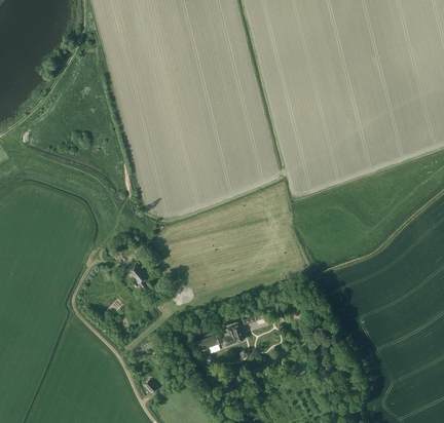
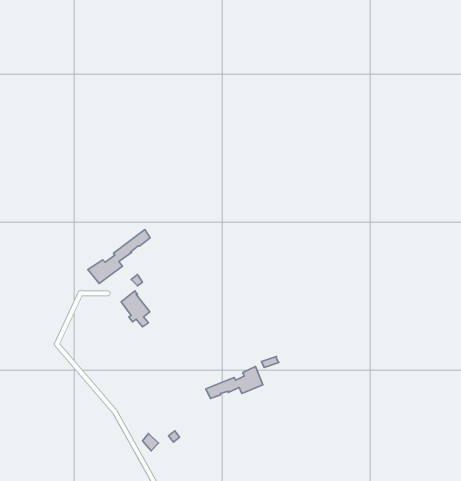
building: none -> [88,229,150,284]

